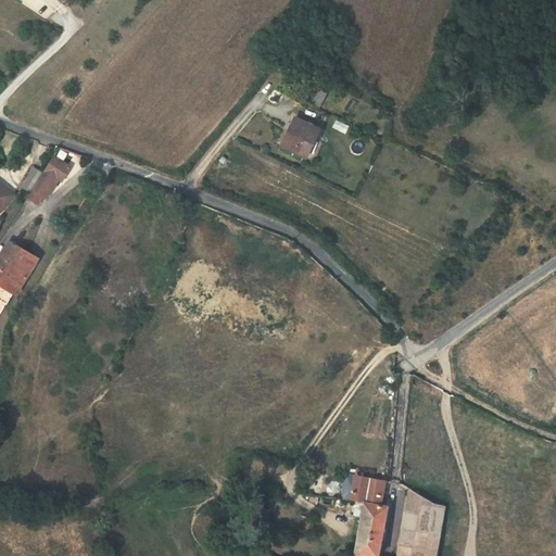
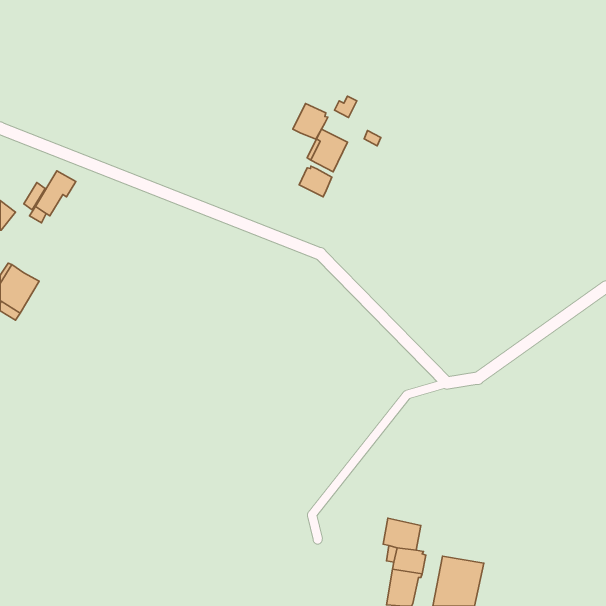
building: none -> [293,103,328,139]
building: none -> [299,166,332,197]
building: [405,488,444,516] -> none

